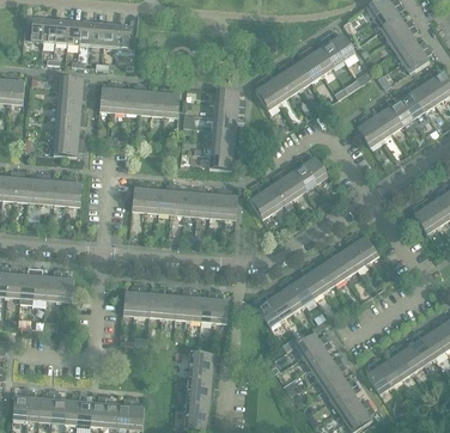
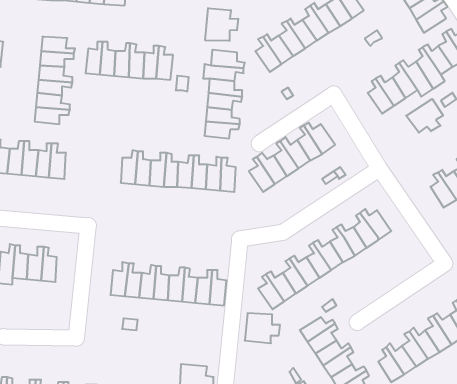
building: none -> [205,8,238,41]
building: none -> [406,99,443,133]
building: [187,352,219,379] -> [245,313,280,343]

